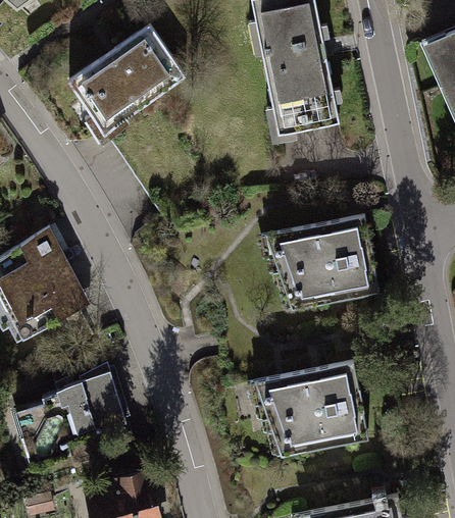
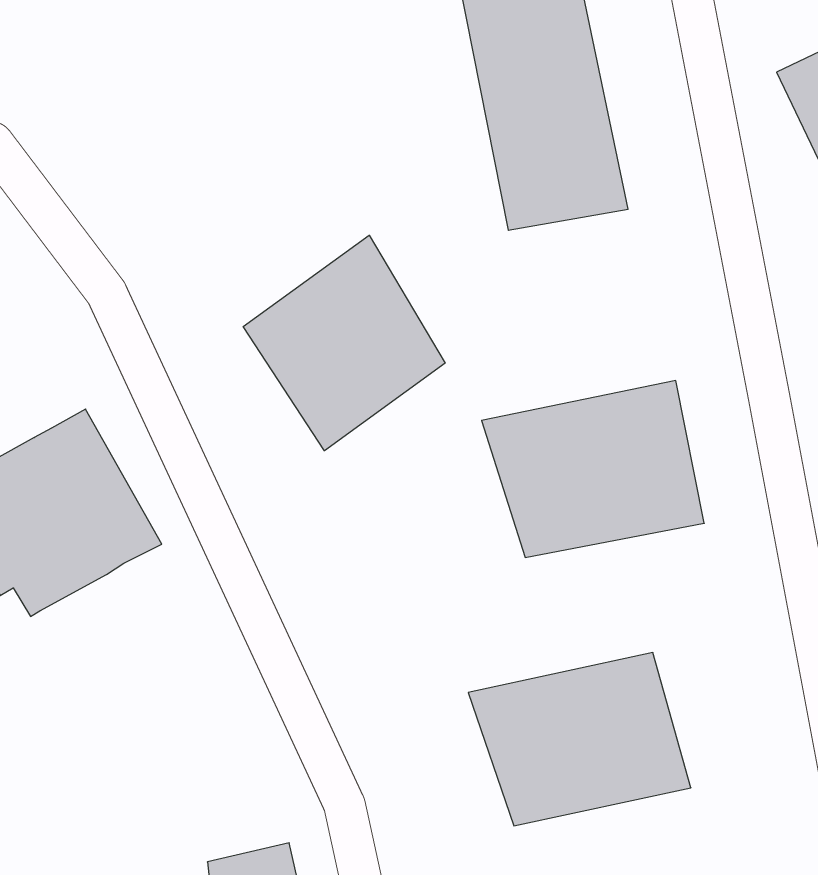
building: [69,21,188,136] -> none
building: none -> [243,235,445,451]
building: [10,370,128,465] -> none

